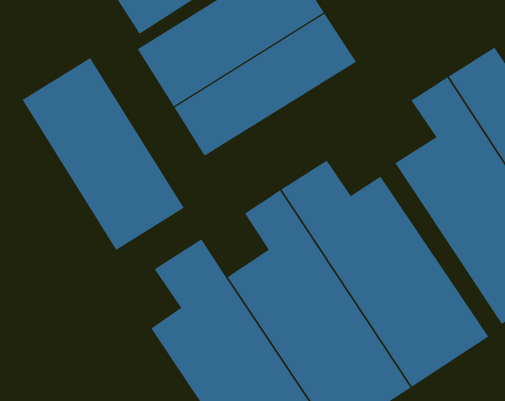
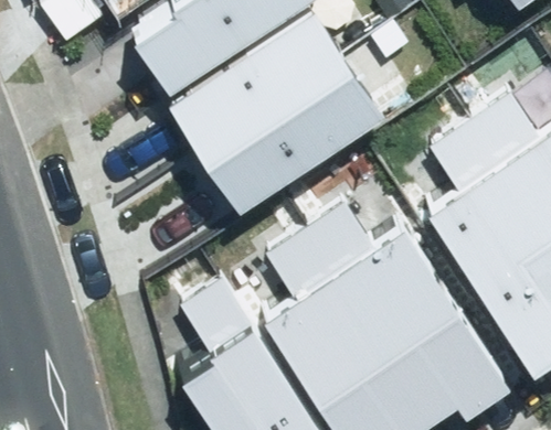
building: [22,57,185,251] -> none

